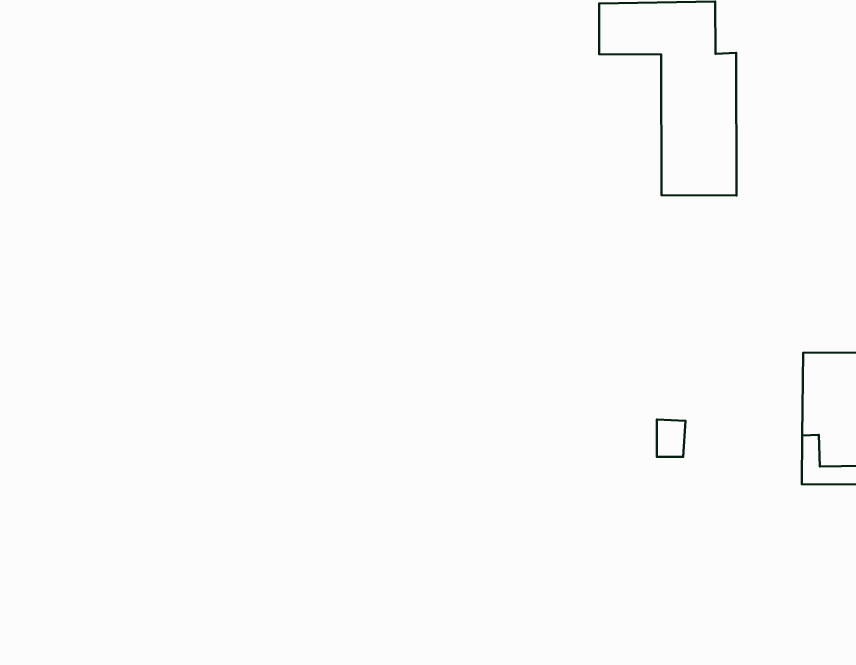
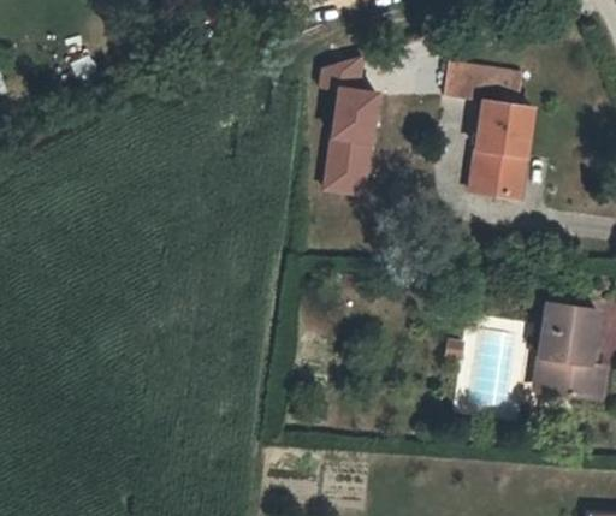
building: none -> [318,57,379,194]

